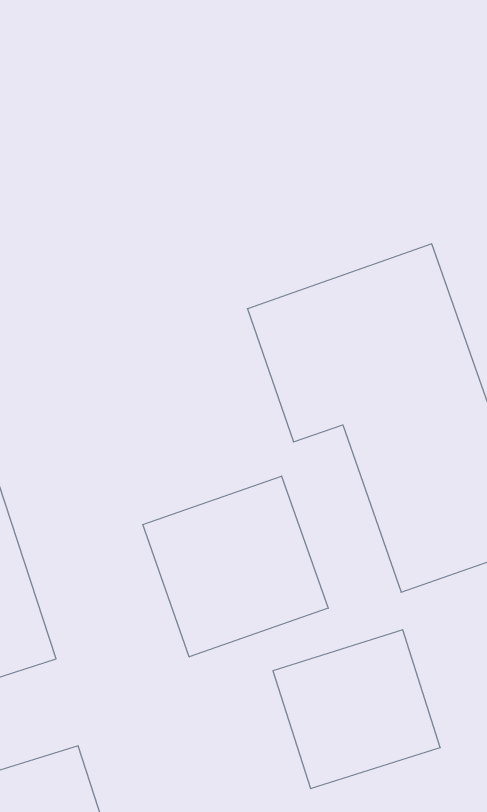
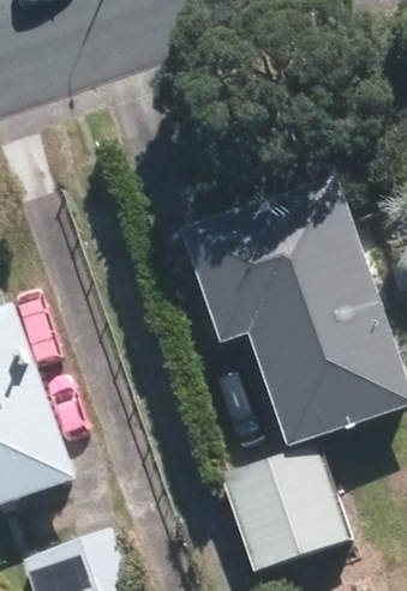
building: [143,476,328,657] -> none

